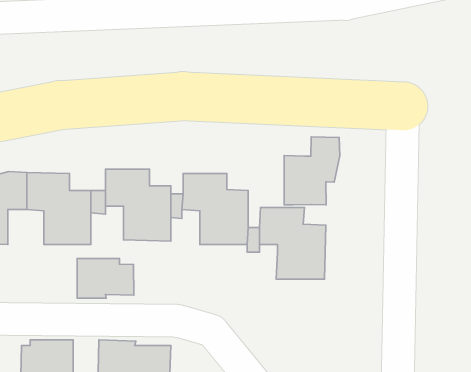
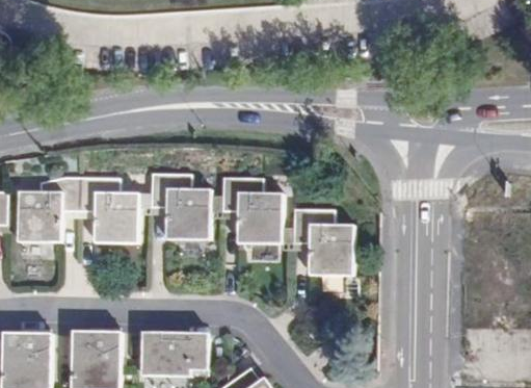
building: [284,137,340,205] -> none
building: [77,258,134,298] -> none

